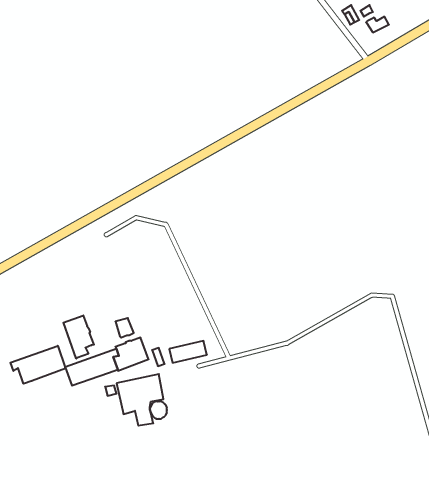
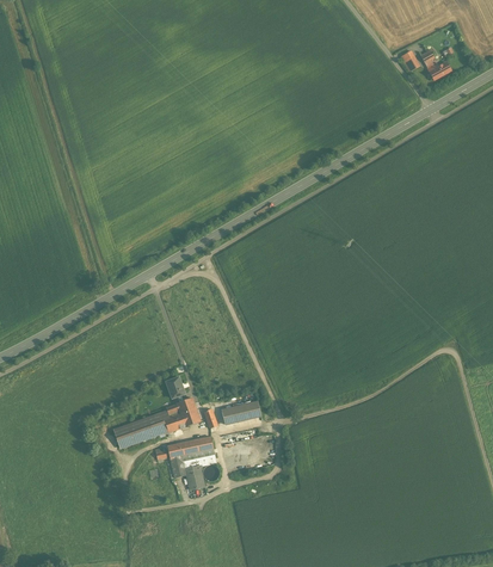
building: [63,315,94,359] -> none
building: [10,346,65,384] -> none

